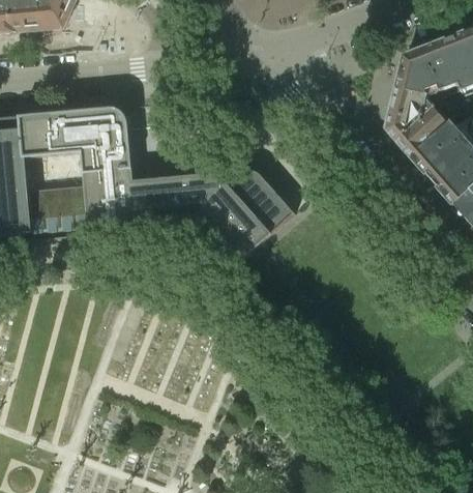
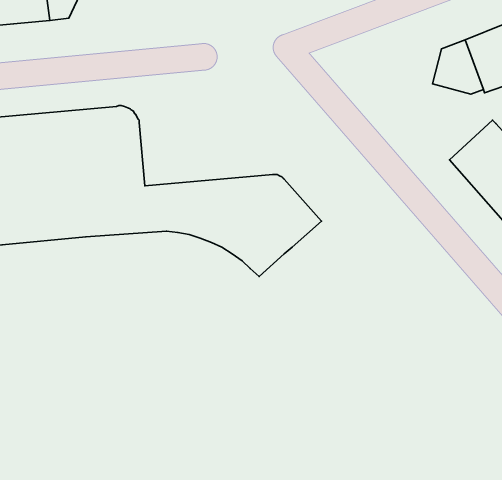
building: [387,86,455,155] -> none

